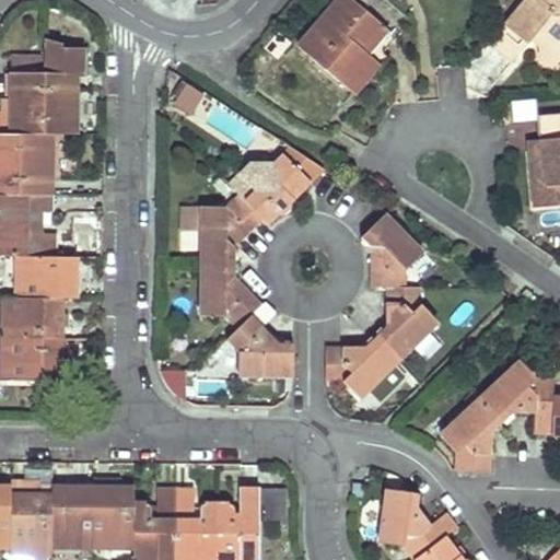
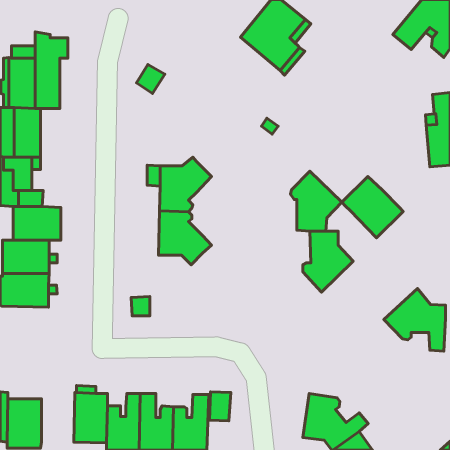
building: [233,147,325,224] -> none
building: none -> [342,177,403,238]
building: [226,314,293,380] -> none
building: [326,337,399,400] -> none
building: [438,396,500,471] -> none
building: [51,486,93,548] -> none

